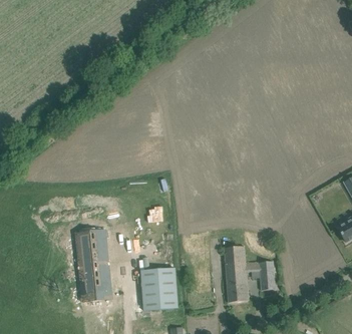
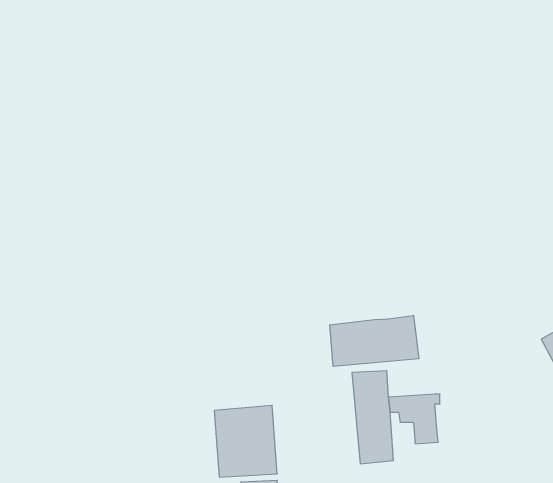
building: none -> [330,315,419,366]
building: [77,230,110,301] -> none

